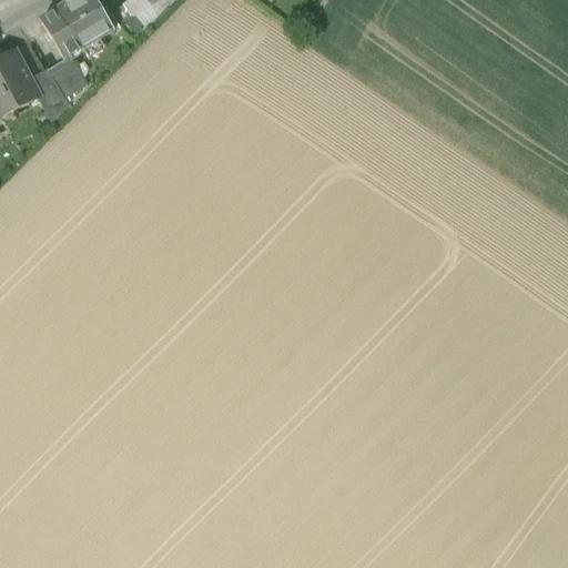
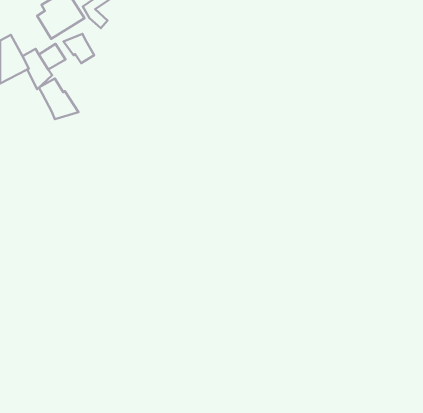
building: none -> [63,34,94,63]
building: none -> [39,79,78,119]

